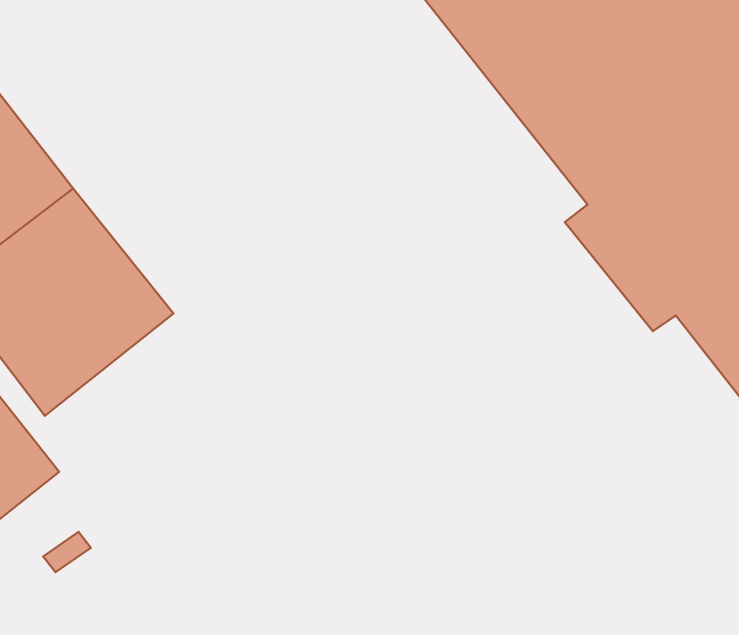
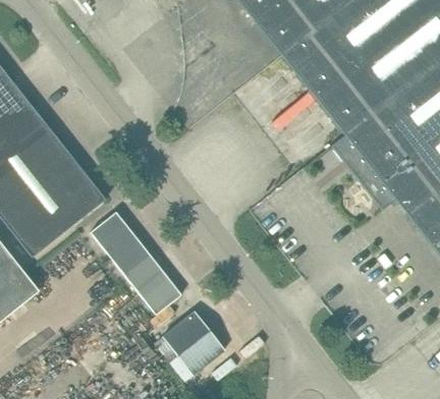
building: none -> [91,211,181,314]
building: none -> [154,309,225,374]

